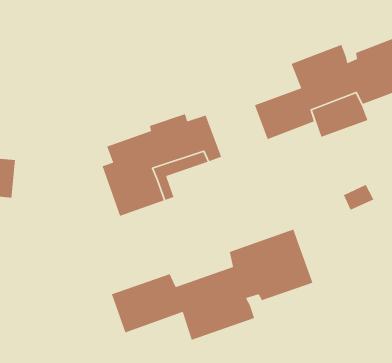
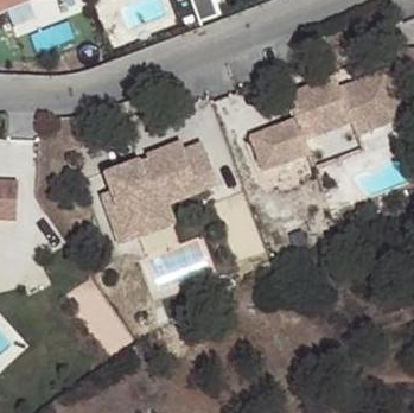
building: [111,228,313,341] -> none

